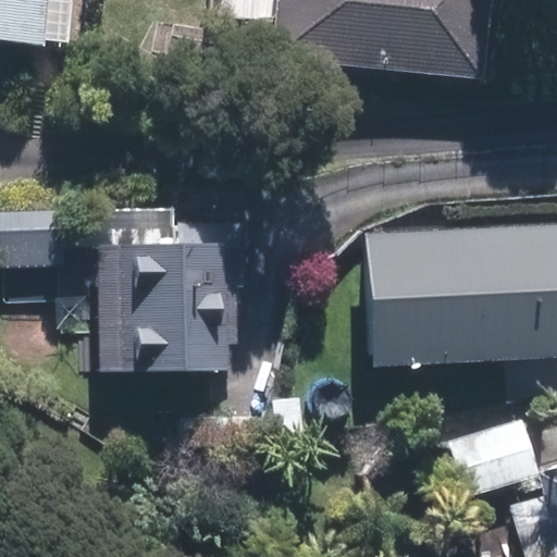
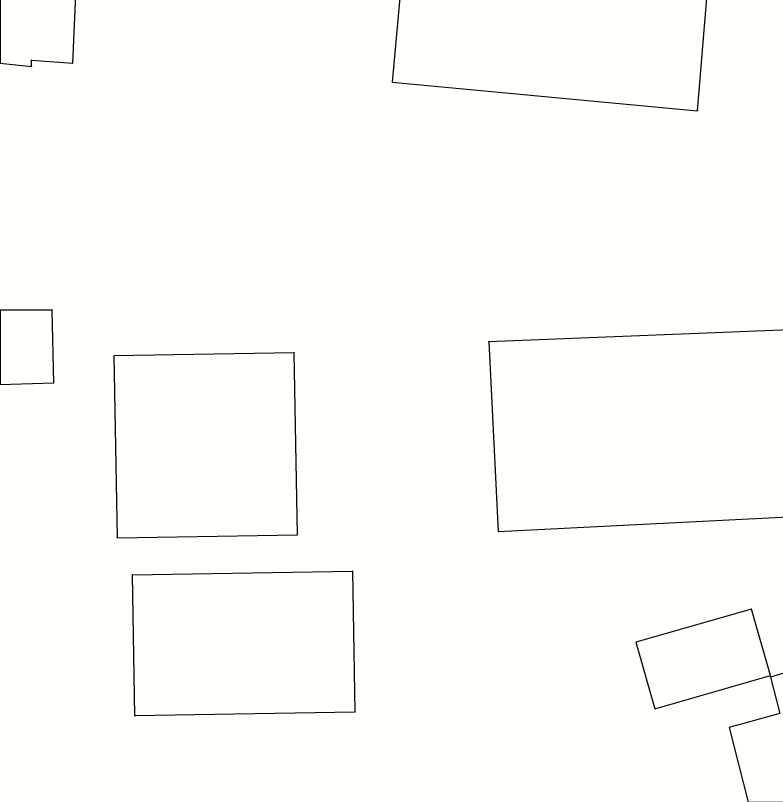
building: none -> [132,571,355,716]

